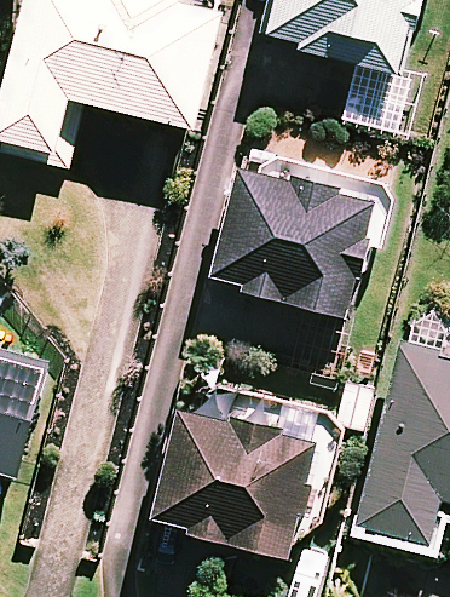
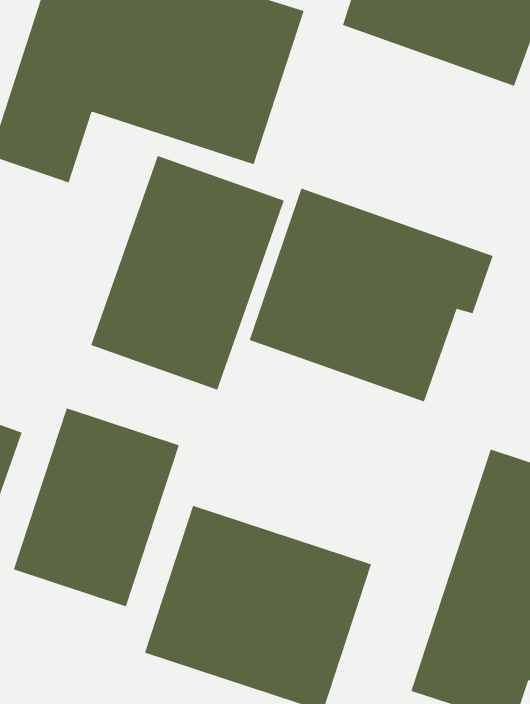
building: none -> [91,155,285,390]
building: none -> [13,408,180,607]

